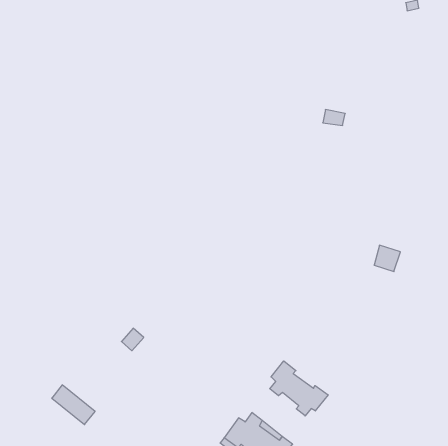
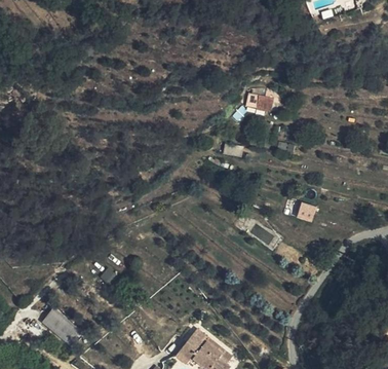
building: [270,361,328,416] -> none

